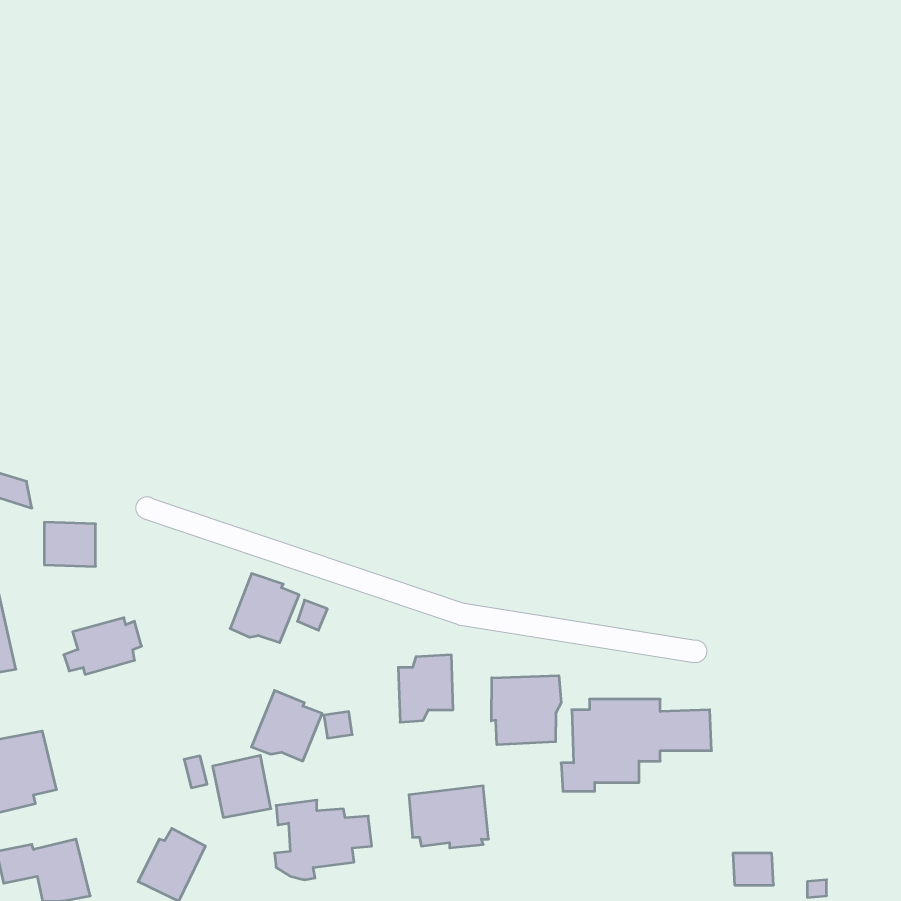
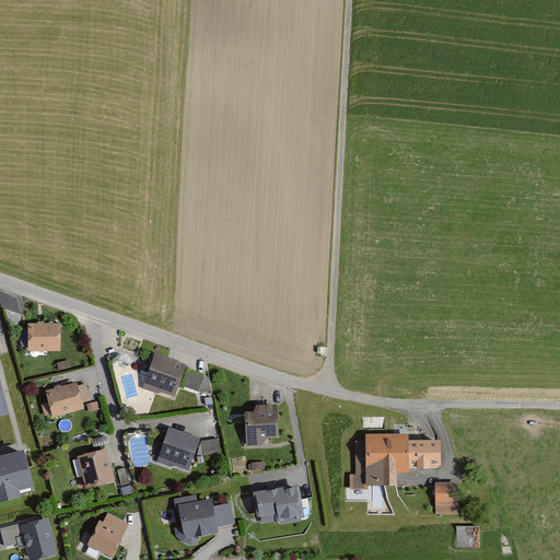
building: [491,676,561,745] -> none
building: [213,755,271,817] -> [78,450,114,488]
building: none -> [432,482,456,513]

